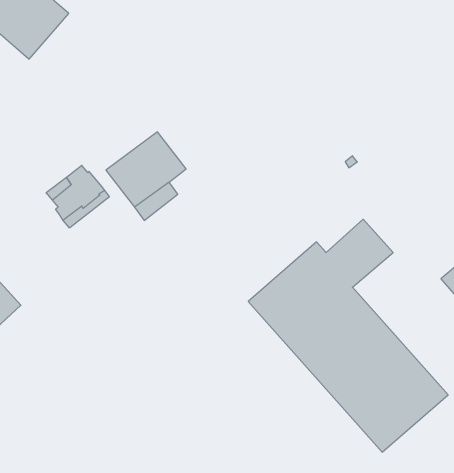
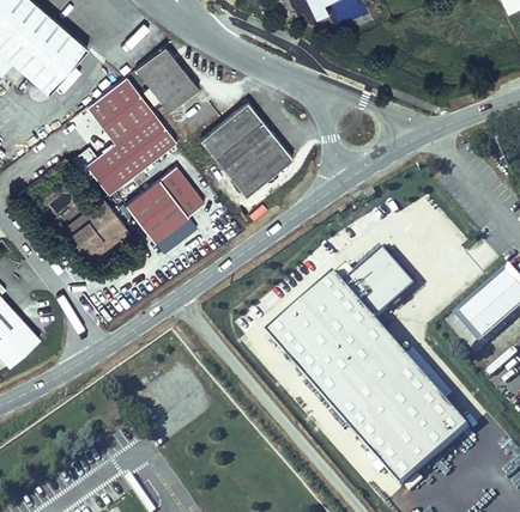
building: none -> [134,45,196,111]
building: none -> [75,78,176,196]
building: none -> [199,100,291,195]

